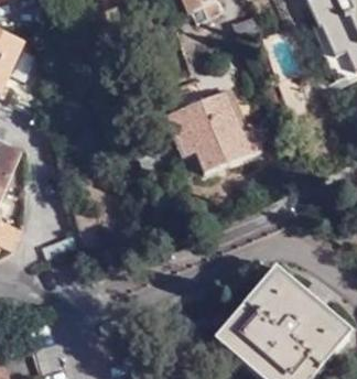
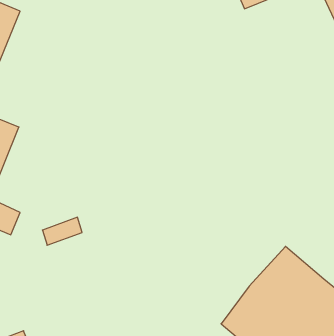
building: [162,91,258,174] -> none

